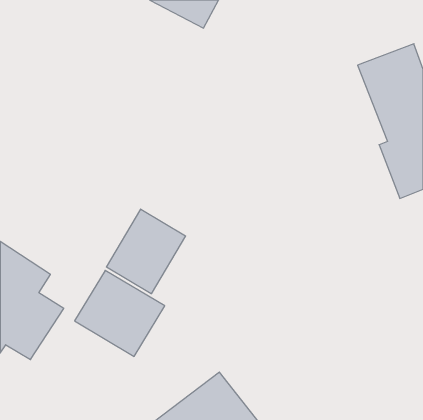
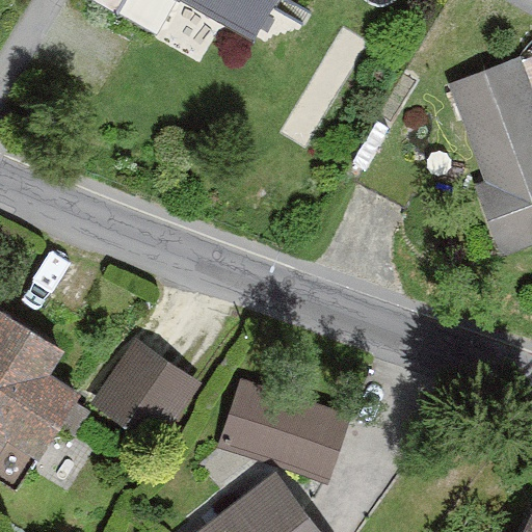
building: [106,209,186,294] -> none
building: none -> [219,380,348,476]

